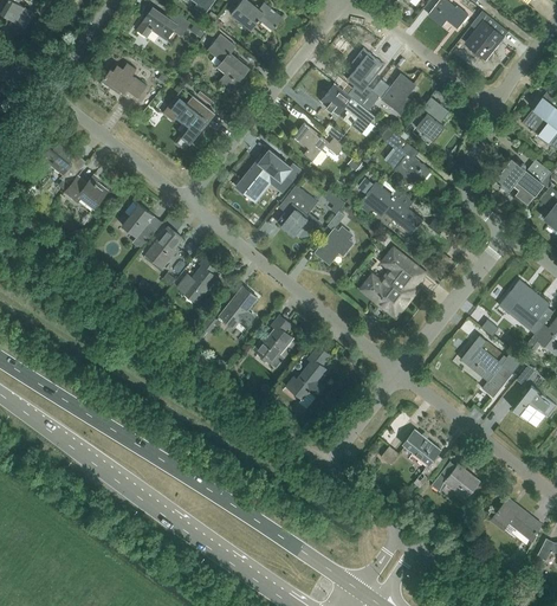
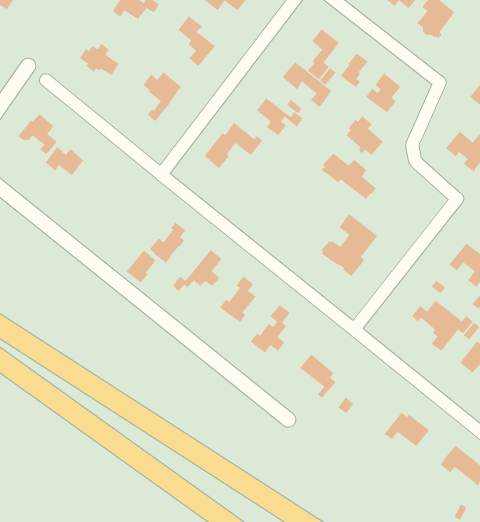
building: [278,186,317,237] -> none
building: [118,201,155,245] -> none
building: [315,212,352,265] -> none
building: [149,227,182,264] -> [126,250,157,284]
building: [402,430,442,478] -> [299,354,337,399]

